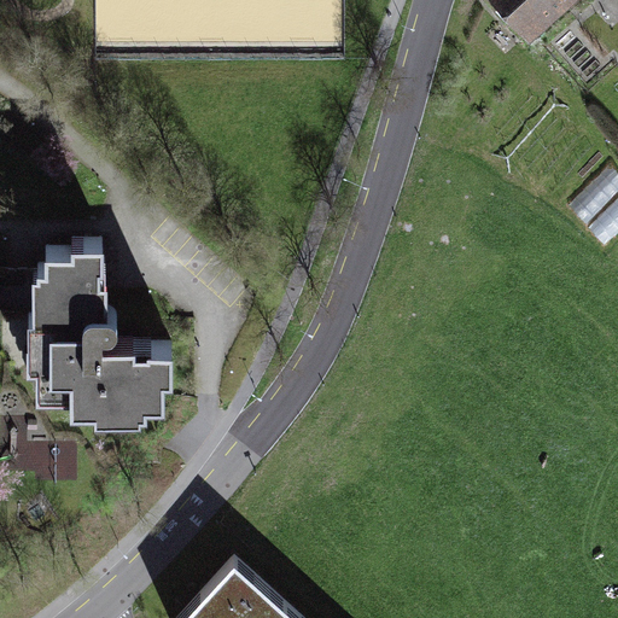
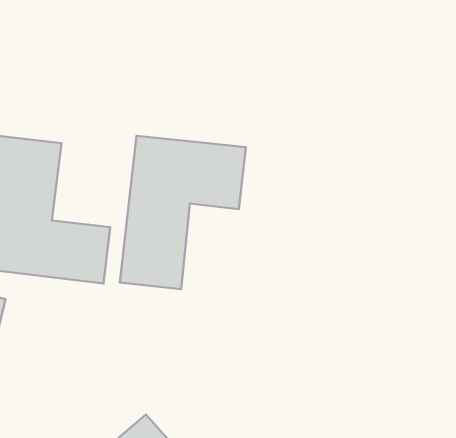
building: none -> [120,136,246,289]

